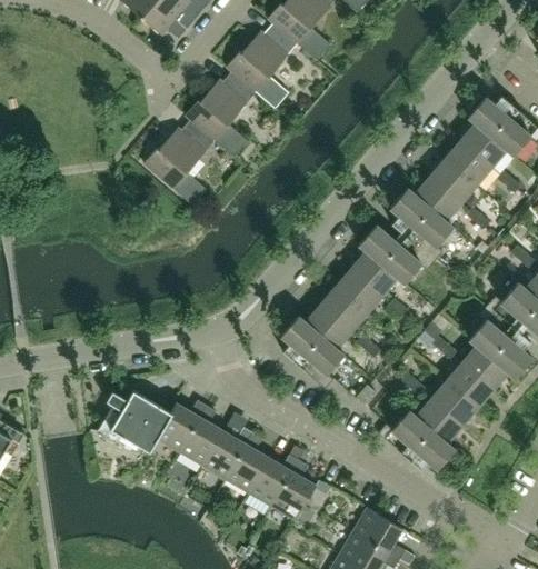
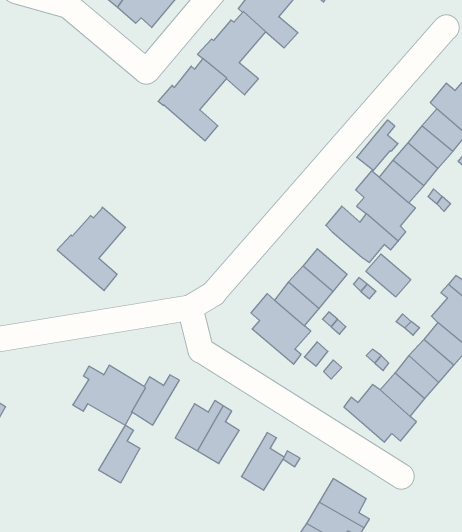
building: [143,119,215,206] -> [57,207,126,291]
building: none -> [357,120,398,171]
building: [350,251,397,296] -> [366,254,411,297]
building: [179,406,222,466] -> [98,425,140,483]
building: [248,455,298,506] -> none

